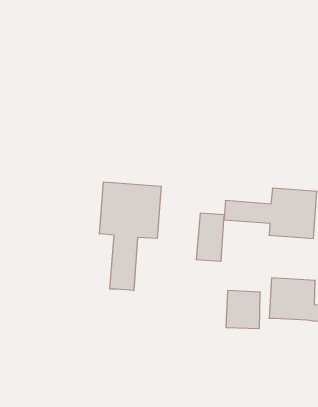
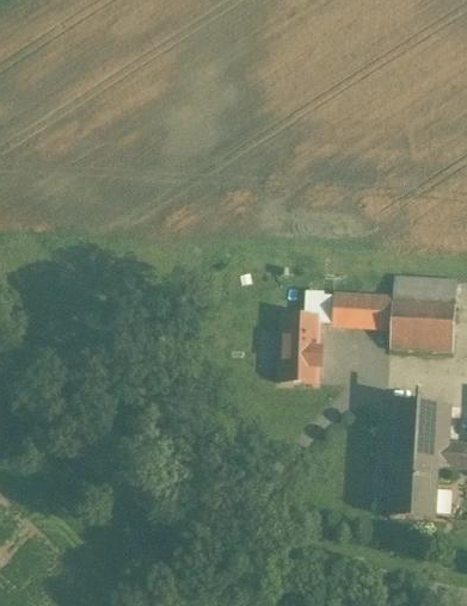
building: [100,182,161,291] -> none
building: [226,291,260,328] -> [389,462,438,515]

